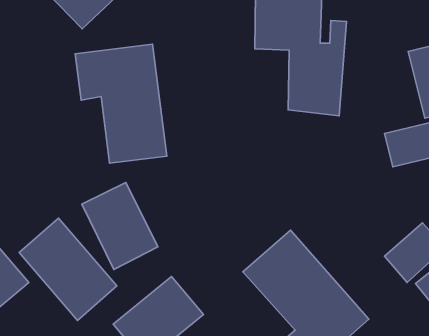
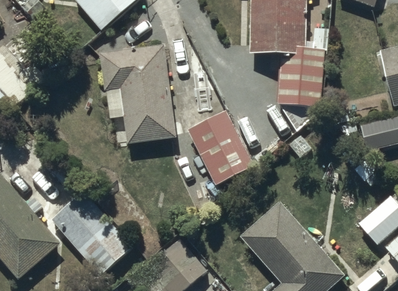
building: [82,183,158,270] -> [188,111,252,184]

